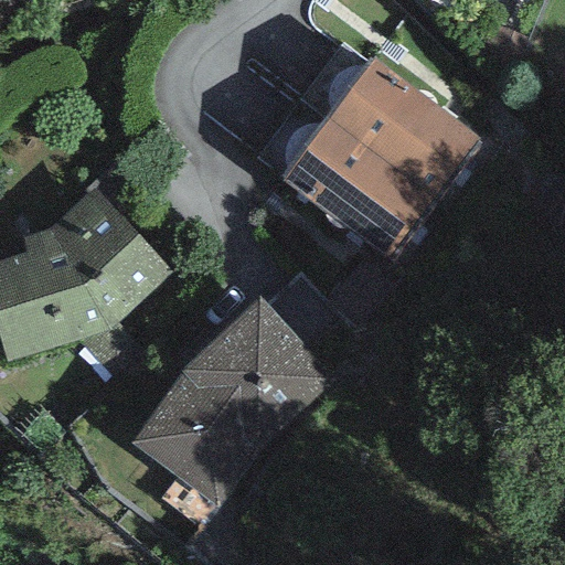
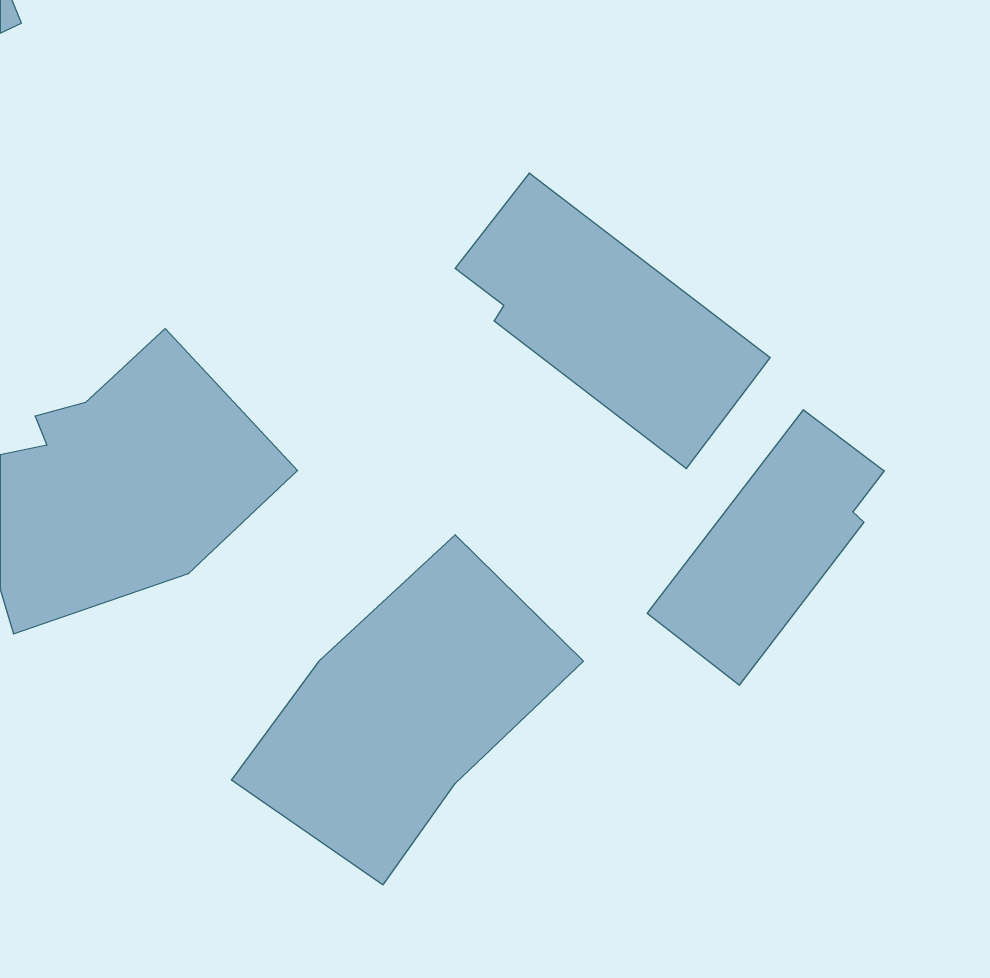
building: [302,42,483,203] -> none
building: none -> [647,410,884,685]

